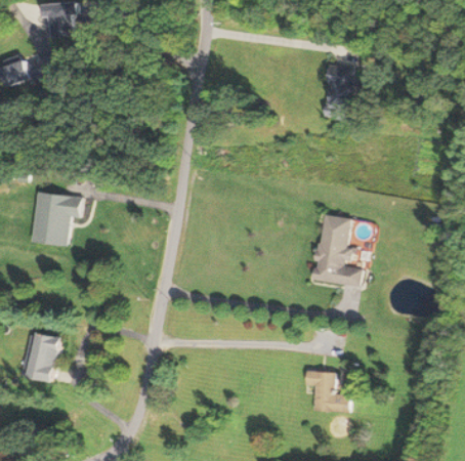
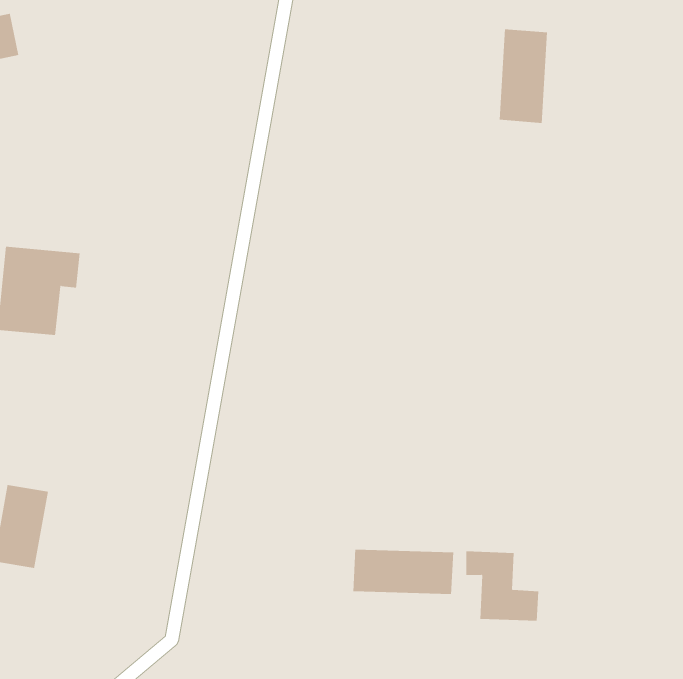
building: [310,212,362,287] -> none
building: none -> [353,549,454,595]

